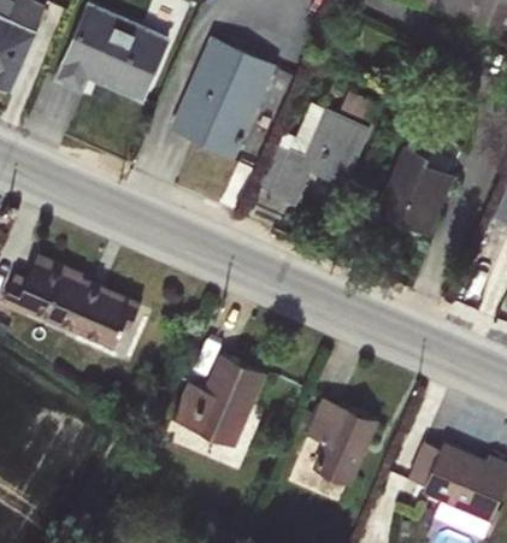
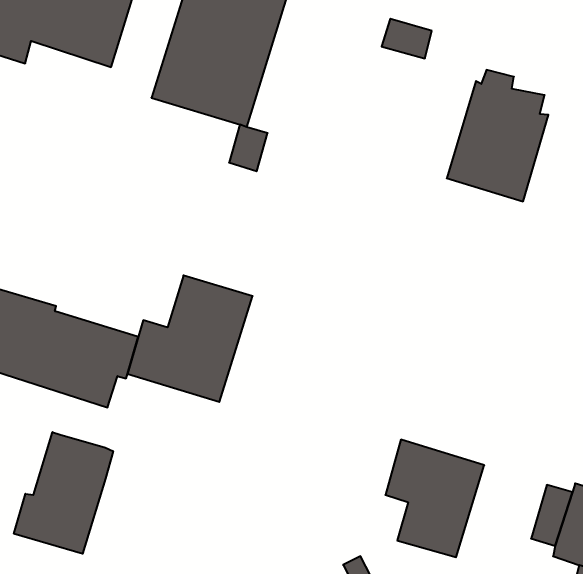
building: [258,105,371,207] -> none
building: [171,353,267,447] -> [127,275,253,402]
building: none -> [14,432,113,554]

